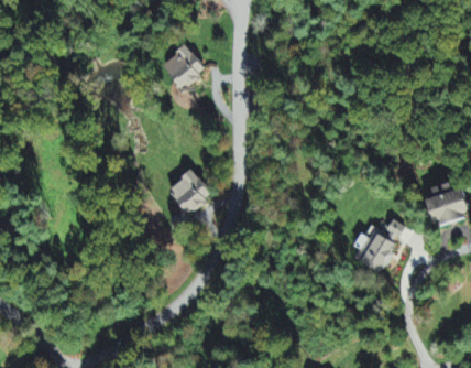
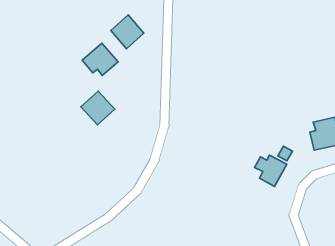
building: none -> [82,43,118,76]
building: [166,169,211,214] -> [81,91,115,125]

